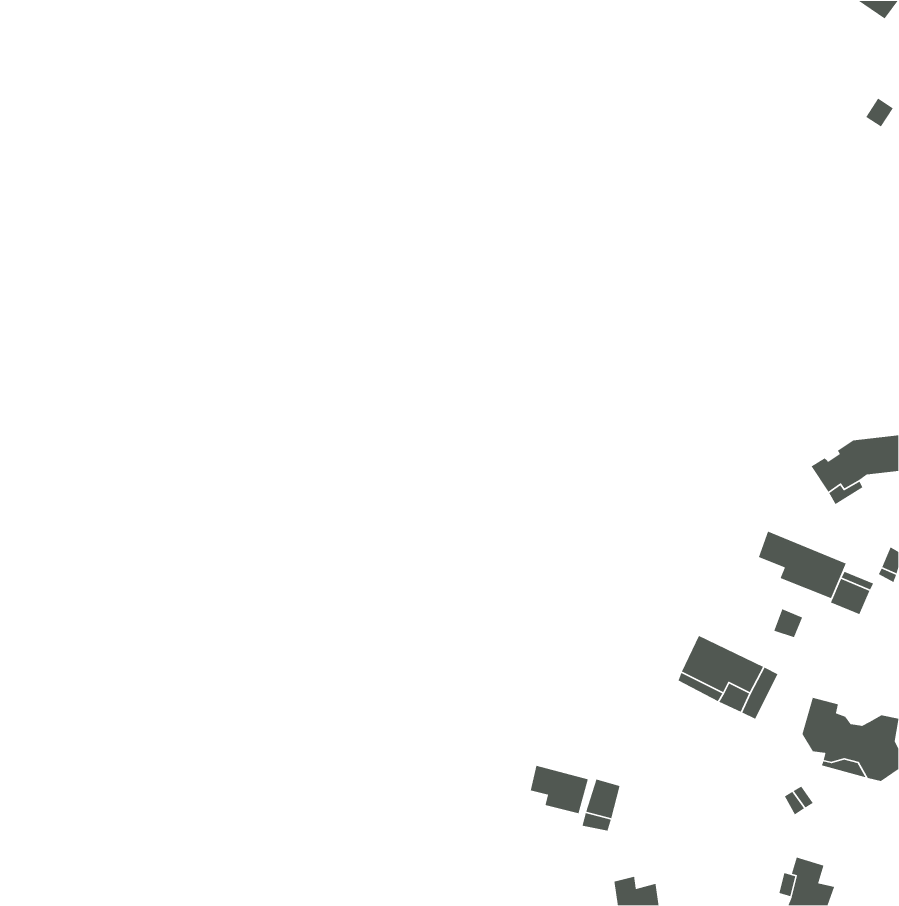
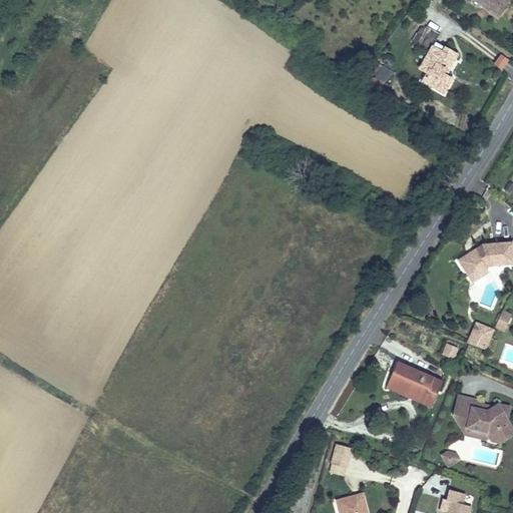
building: none -> [421,21,460,87]
building: [758,531,847,599] -> none
building: [530,765,589,814] -> none

